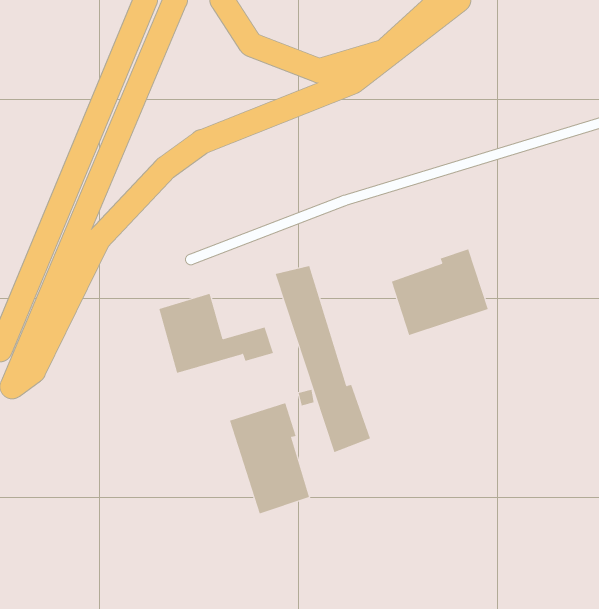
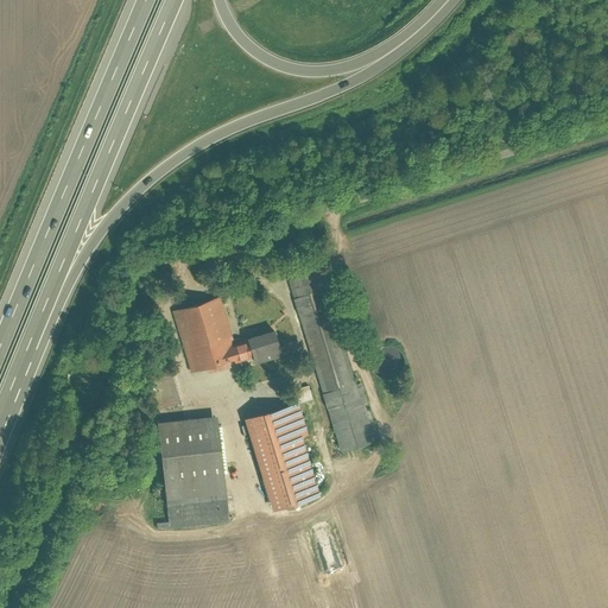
building: [391,249,489,336] -> none
building: none -> [158,419,228,530]

